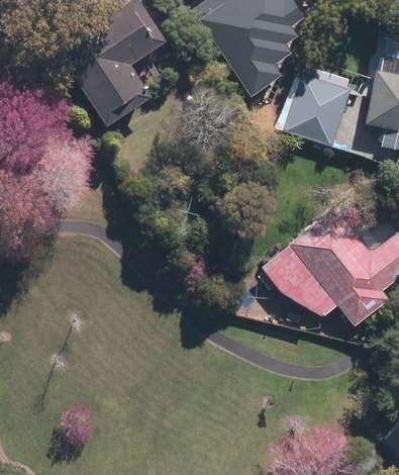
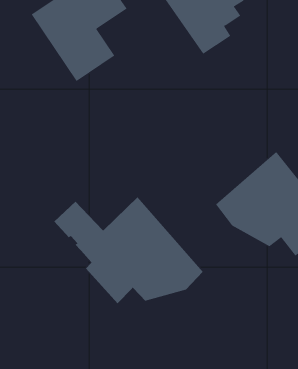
building: [287,74,354,145] -> none
building: none -> [54,196,203,304]

